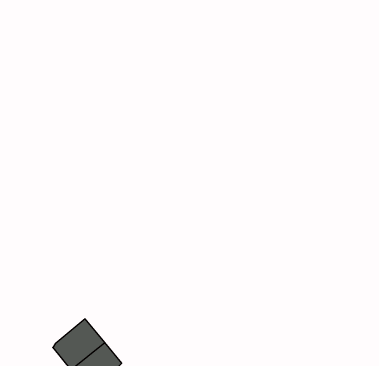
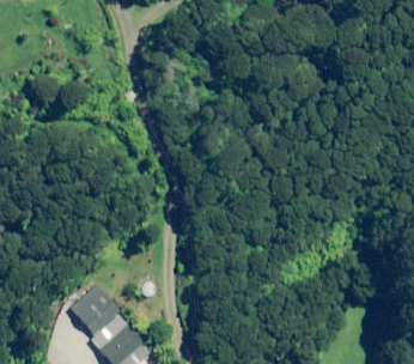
building: none -> [75,289,121,333]

